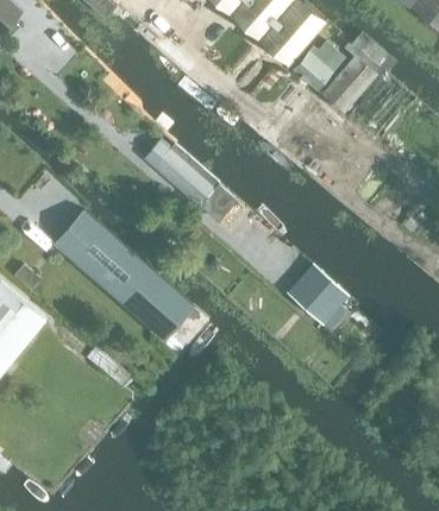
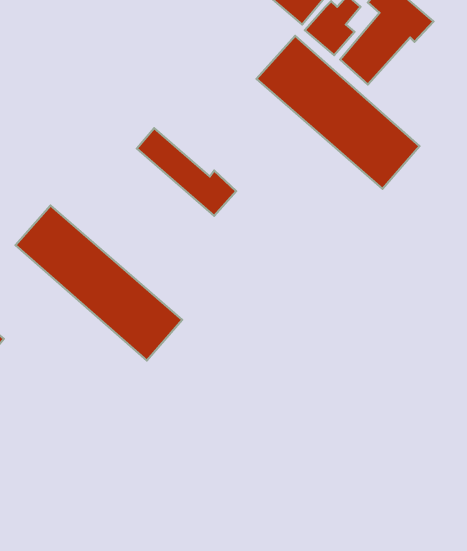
building: none -> [257,36,420,189]
building: [288,264,350,324] -> none

